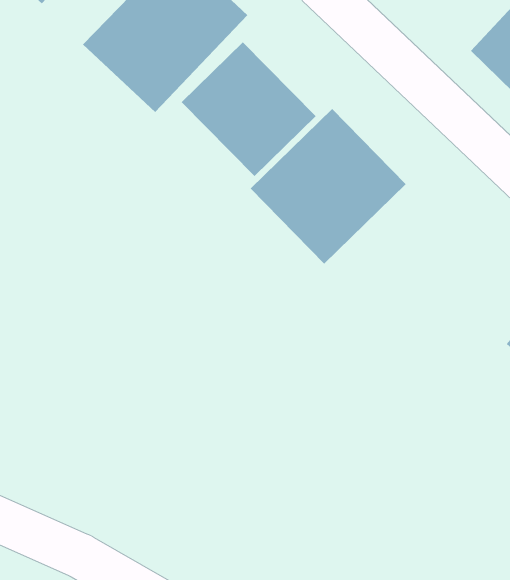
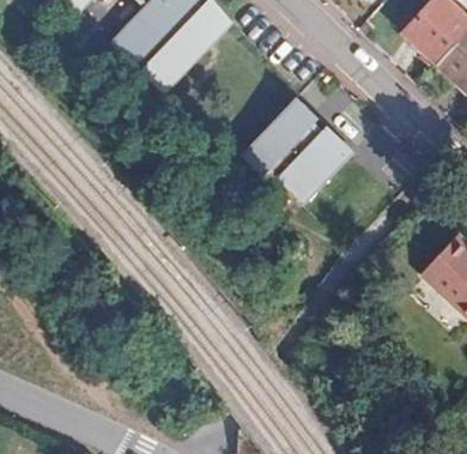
building: [181,41,316,177] -> none

